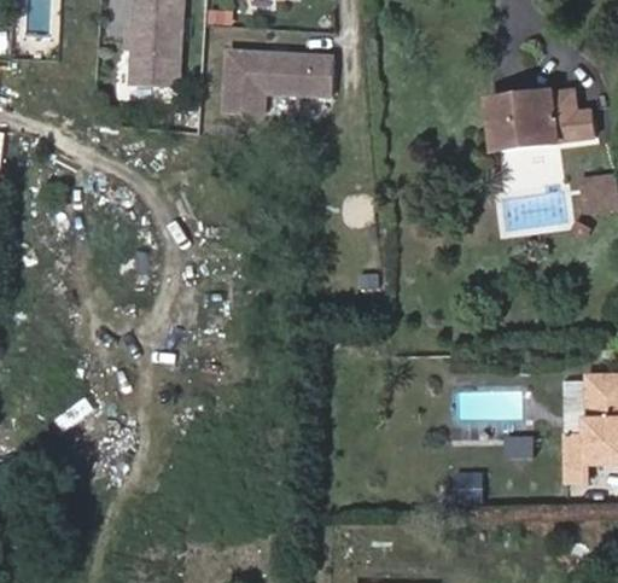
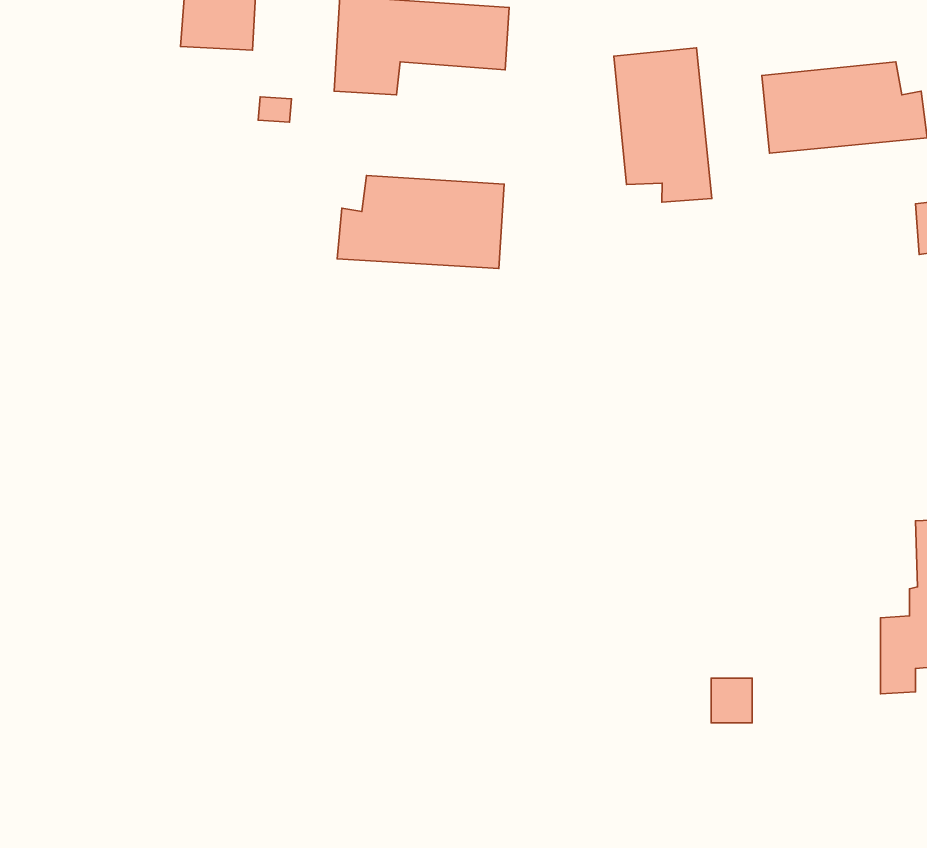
building: none -> [614,48,712,202]
building: none -> [337,175,504,269]

